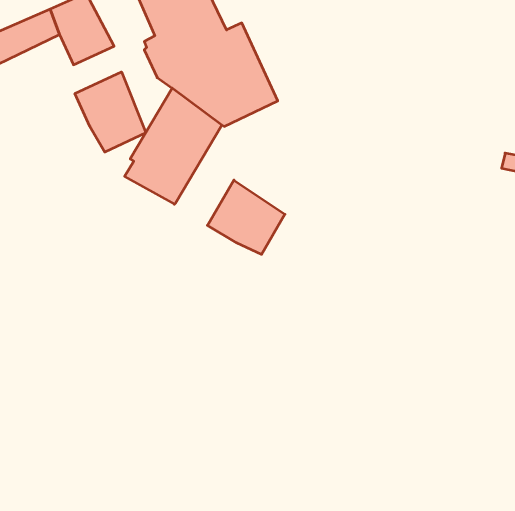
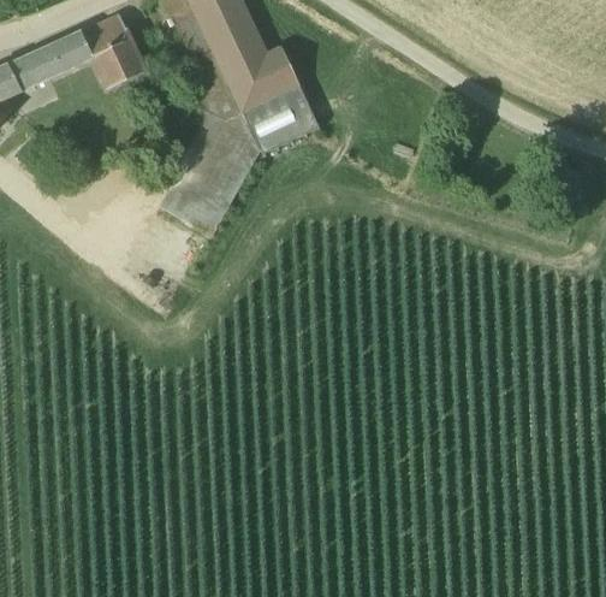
building: [75,72,146,152] -> none
building: [207,180,285,254] -> none

